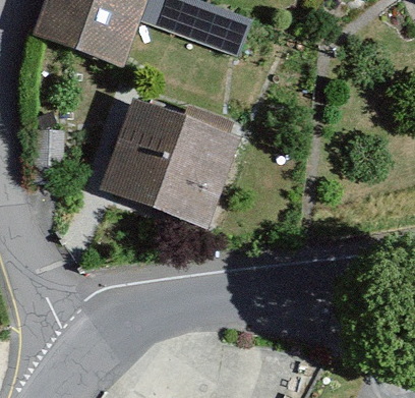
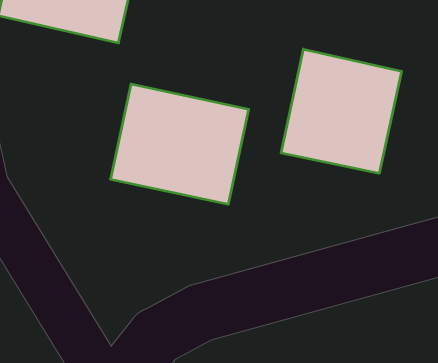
building: none -> [281,49,402,173]

